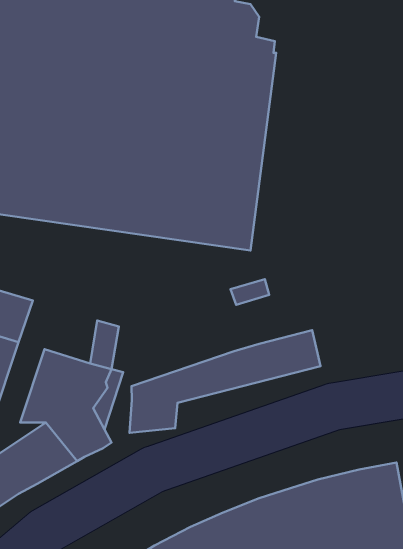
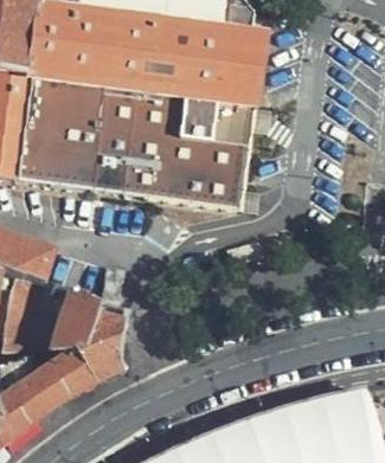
building: [129,330,320,433] -> none

